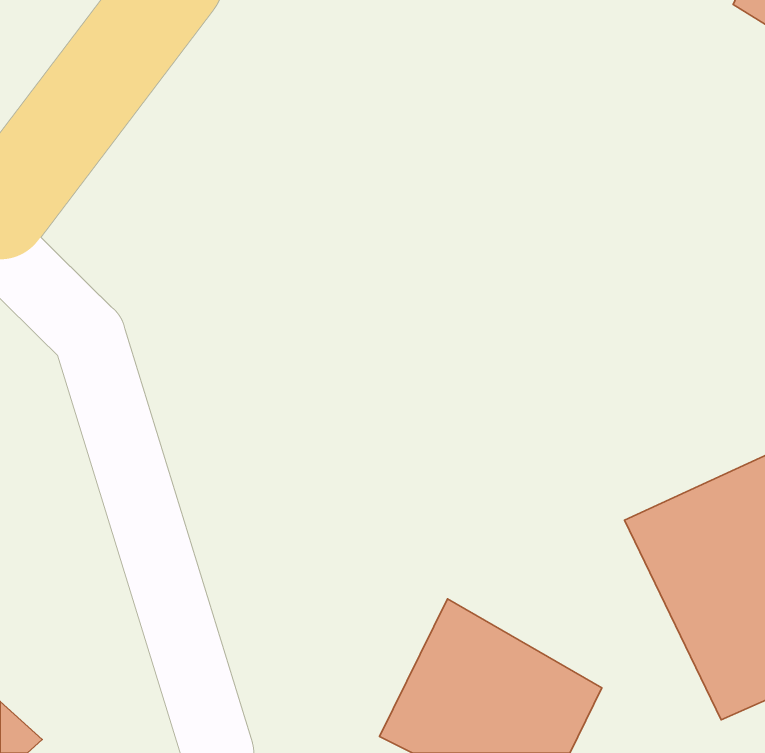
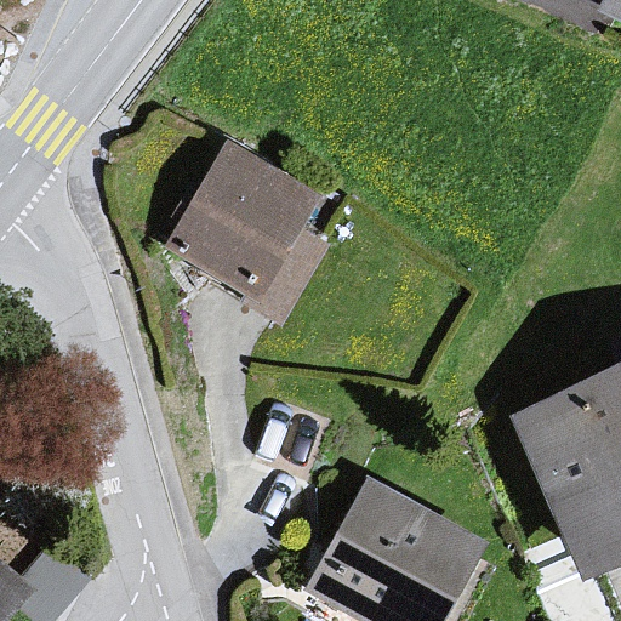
building: none -> [166,137,317,302]

